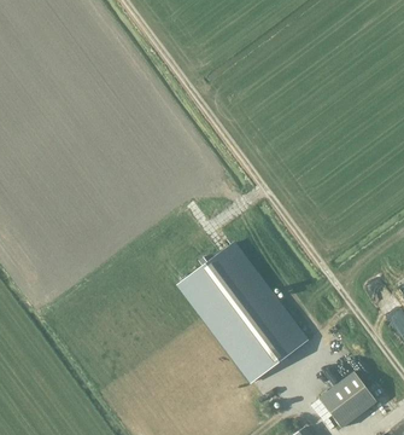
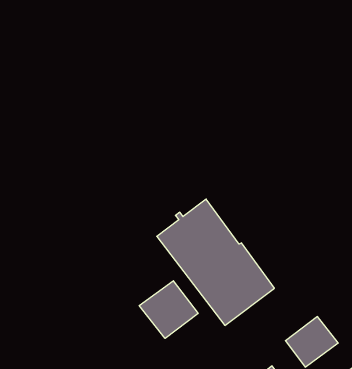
building: none -> [139,281,198,338]

